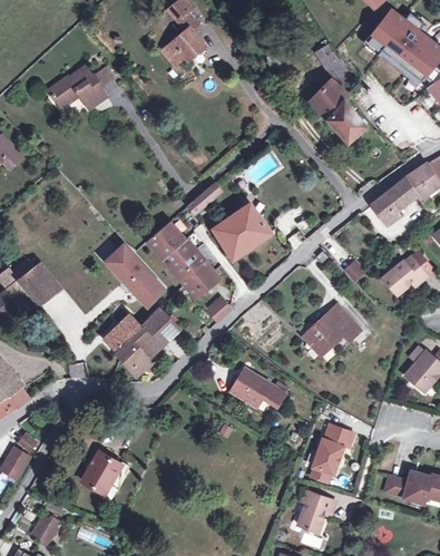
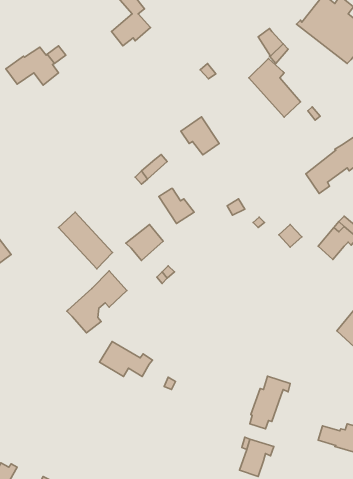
building: [227,204,268,245] -> [181,117,219,155]
building: [147,222,203,279] -> none
building: [302,304,359,354] -> none
building: [104,315,140,351] -> none
building: [231,368,287,406] -> [100,341,152,377]
building: [81,451,128,501] -> none

